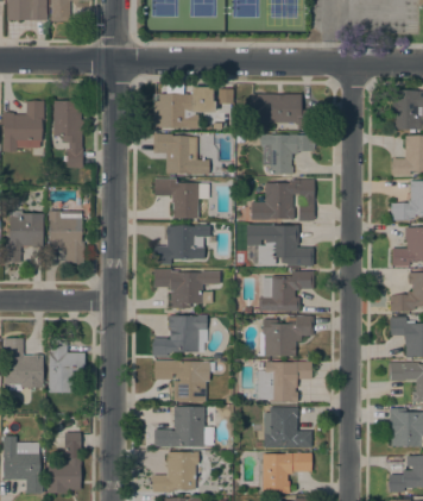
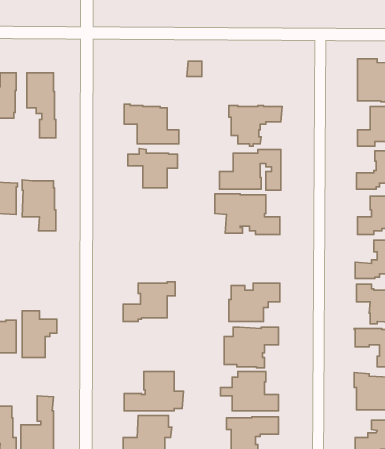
building: [153,84,215,126] -> none
building: [251,93,314,129] -> none
building: [153,225,209,263] -> none
building: [153,268,220,308] -> none
building: [259,270,314,312] -> none
building: [153,359,215,400] -> none

